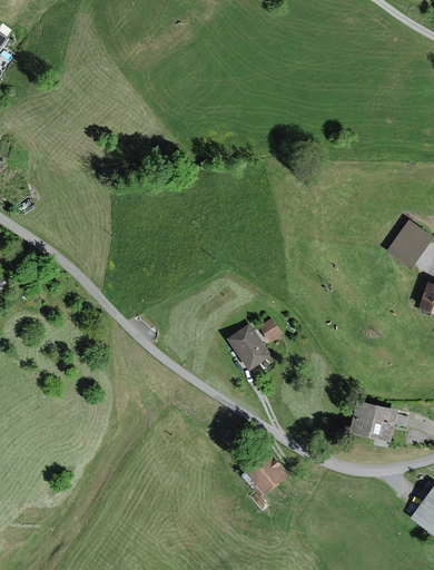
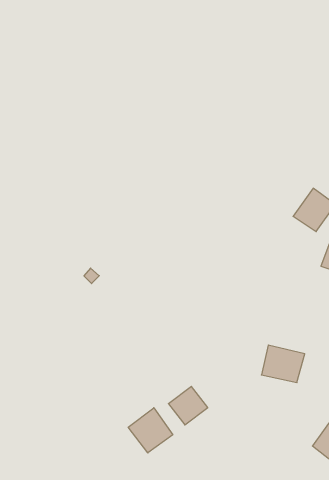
building: [225,318,283,373] -> none
building: none -> [128,408,173,453]

